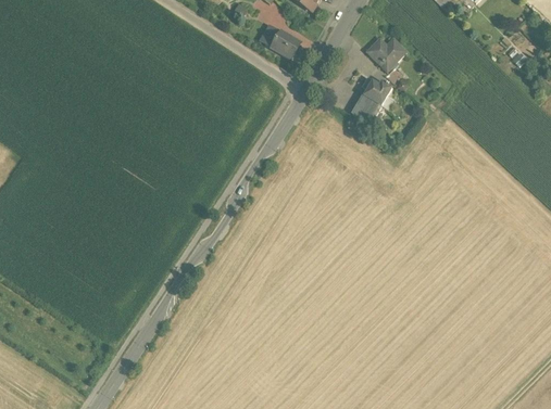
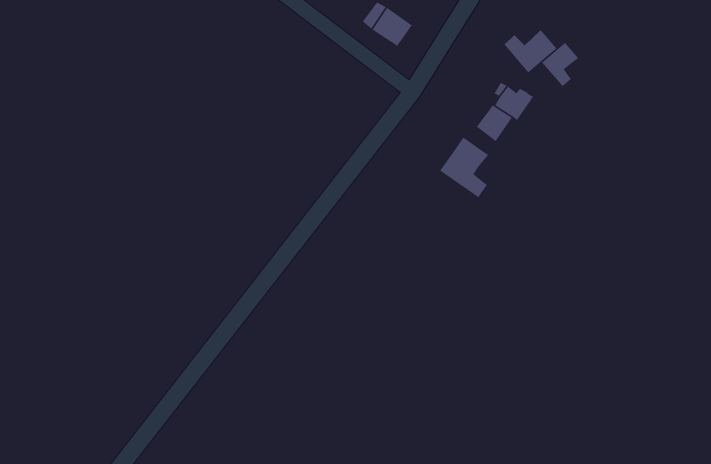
building: none -> [541,42,579,87]
building: none -> [439,137,489,198]

